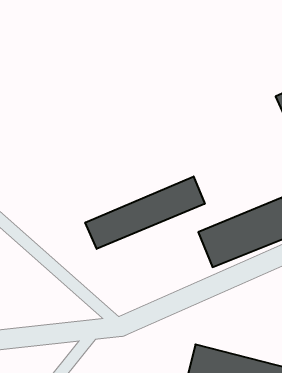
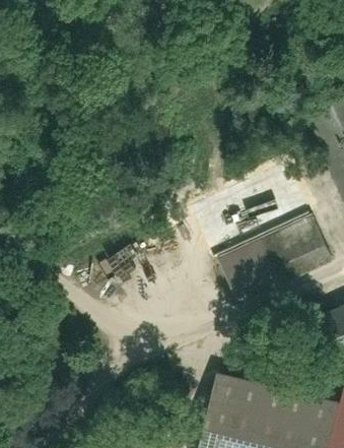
building: [85,176,205,249] -> none

